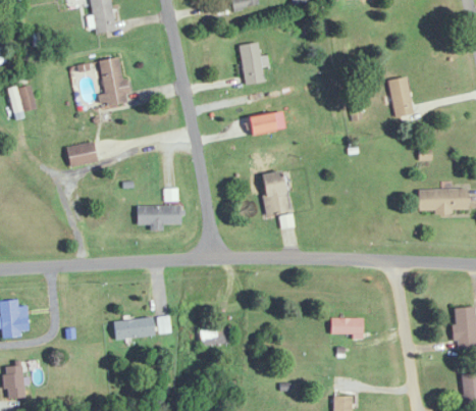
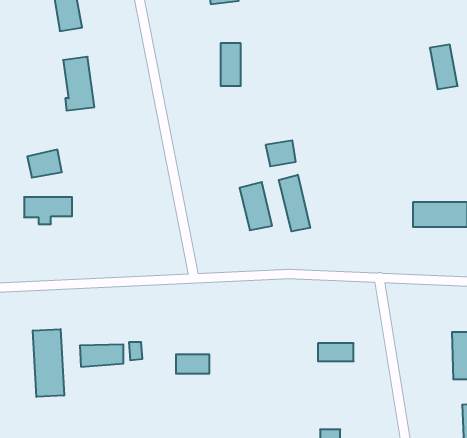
building: [388,76,414,117] -> [430,45,458,89]
building: [248,112,275,136] -> [266,140,296,166]
building: none -> [279,175,310,231]
building: [138,205,181,229] -> [24,197,72,224]
building: none -> [33,329,64,397]

